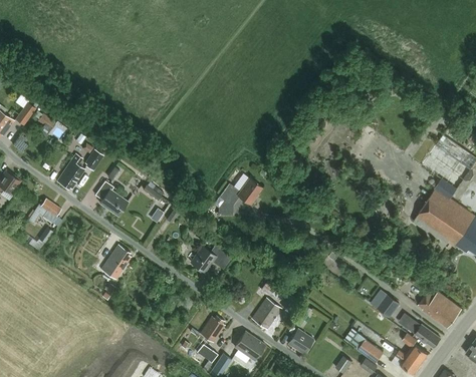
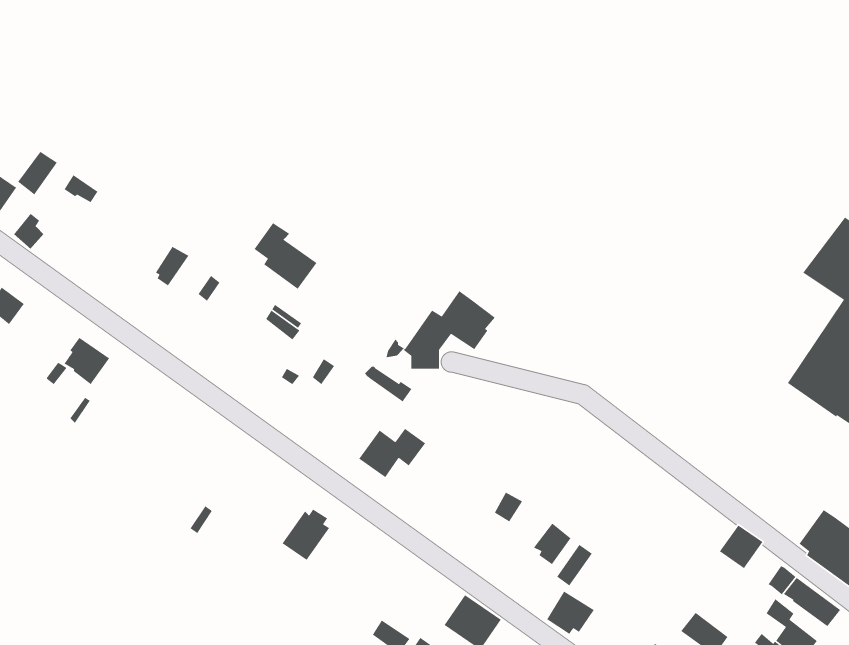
building: [57,155,85,188] -> none
building: [95,180,129,216] -> [253,222,317,290]
building: [101,244,132,279] -> none
building: [253,299,281,326] -> none
building: [200,315,225,342] -> [282,509,330,561]

